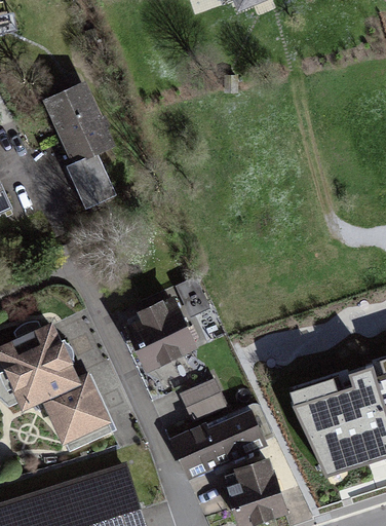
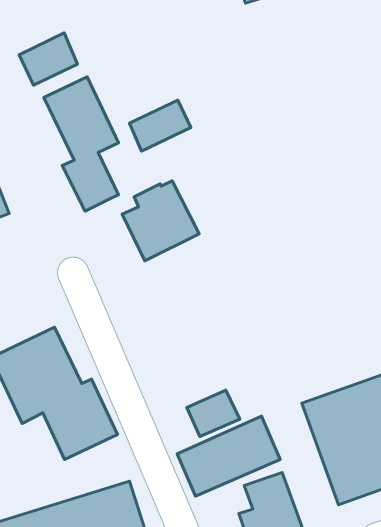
building: none -> [19,33,78,85]
building: none -> [130,100,191,151]
building: [127,296,200,372] -> [122,181,199,261]

